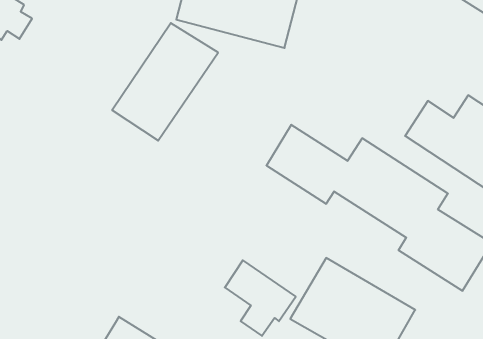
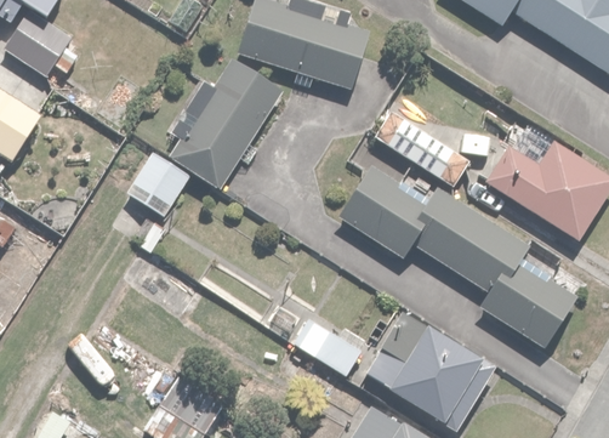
building: none -> [371,107,485,187]
building: none -> [124,148,190,217]

